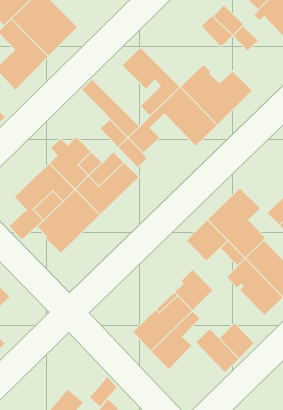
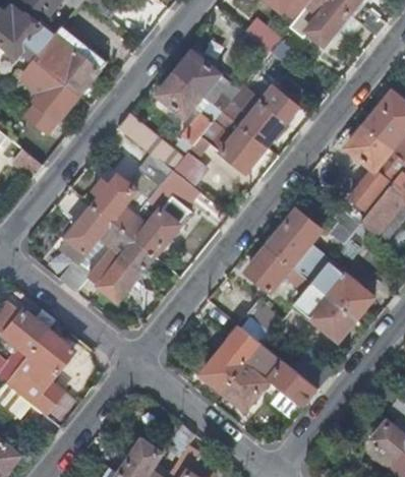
building: none -> [174,51,238,110]

